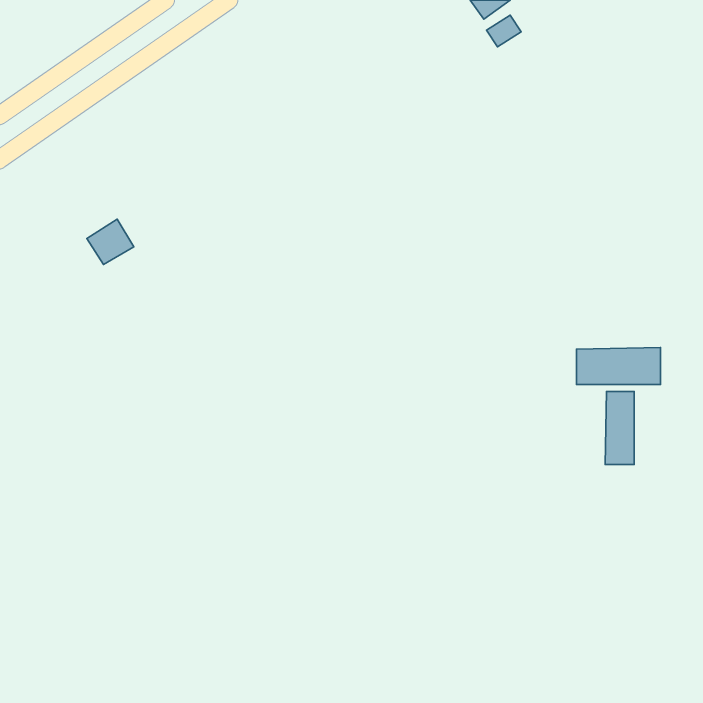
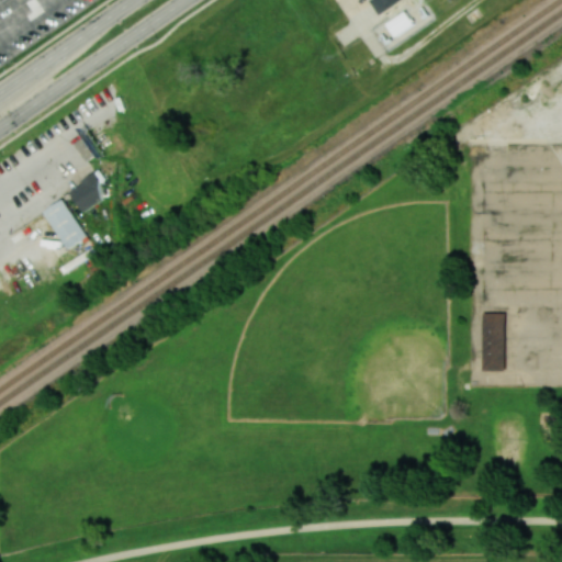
building: none -> [43,200,86,248]
building: [576,347,661,384] -> none

